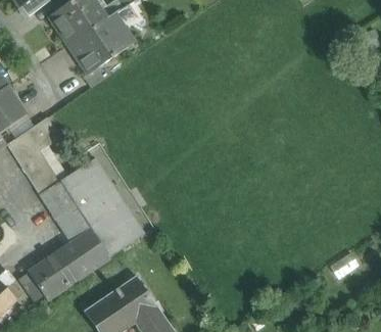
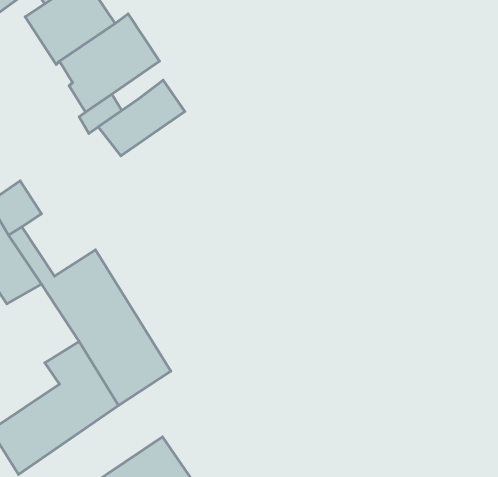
building: none -> [98,80,185,156]
building: [39,181,84,230] -> none

